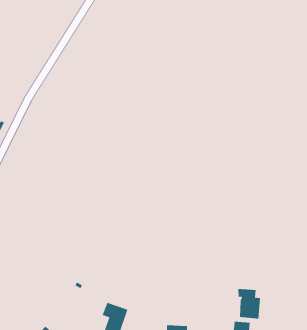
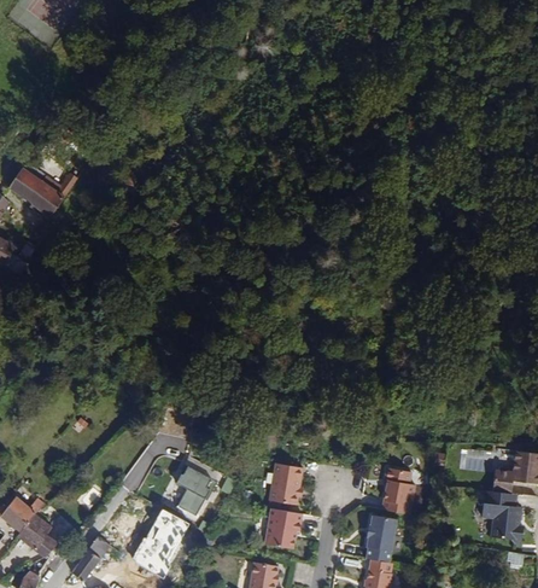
building: none -> [270,461,303,503]

